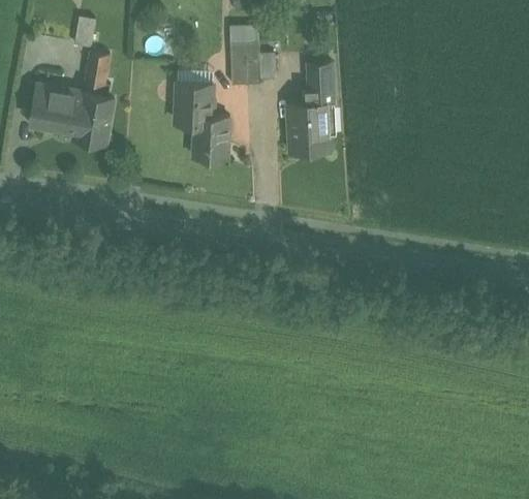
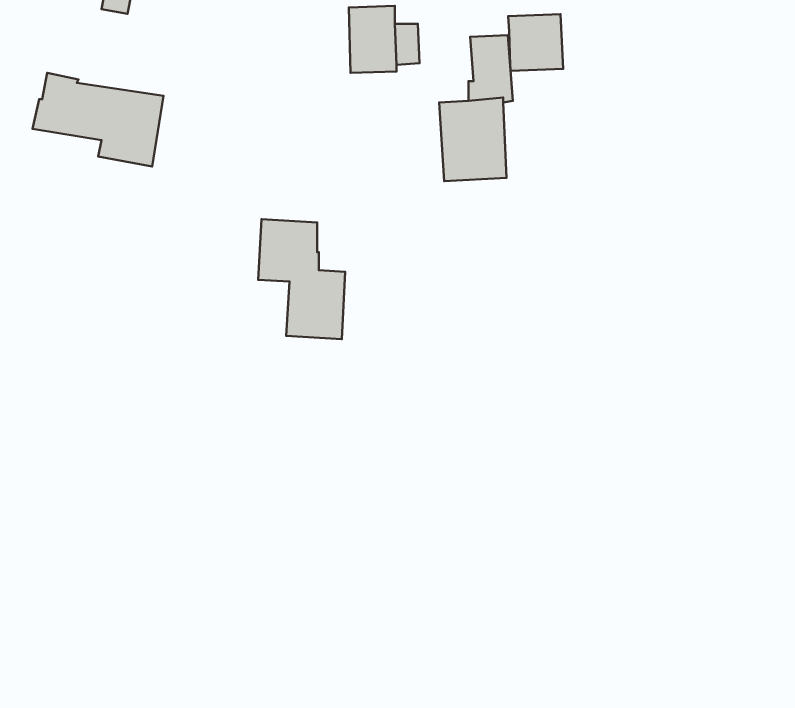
building: none -> [508,14,563,71]
building: [84,51,110,86] -> none
building: [175,83,229,158] -> [258,219,345,339]

